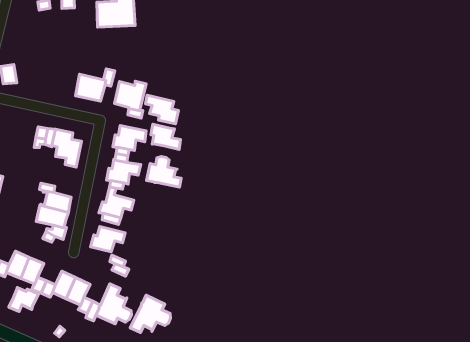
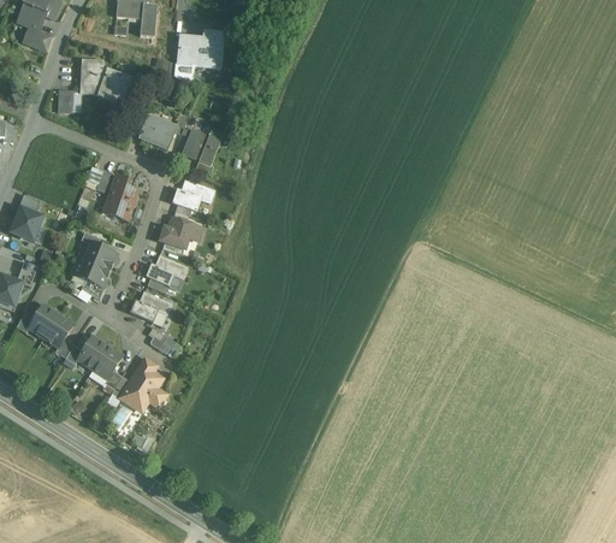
building: none -> [79,60,129,104]
building: [145,95,179,124] -> none
building: [151,124,181,149] -> none
building: [147,157,181,187] -> none
building: [9,287,39,311] -> none
building: [130,295,170,333] -> none

